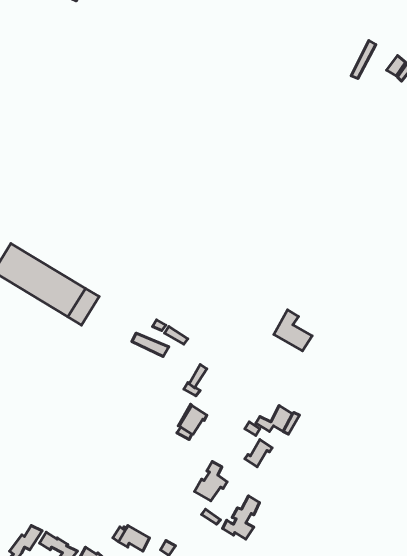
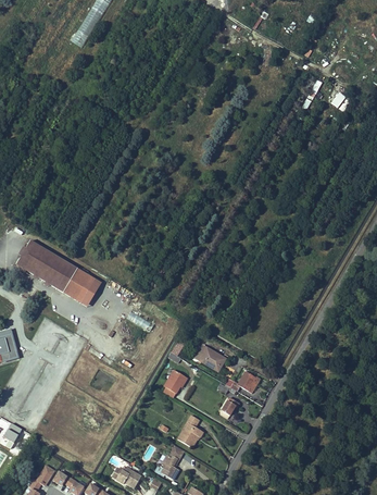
building: [274,310,312,351] -> [196,338,226,371]
building: [223,496,259,539] -> [154,445,184,480]

